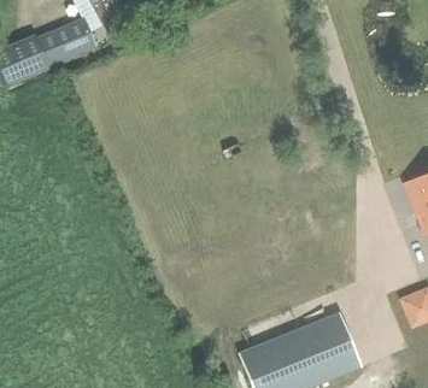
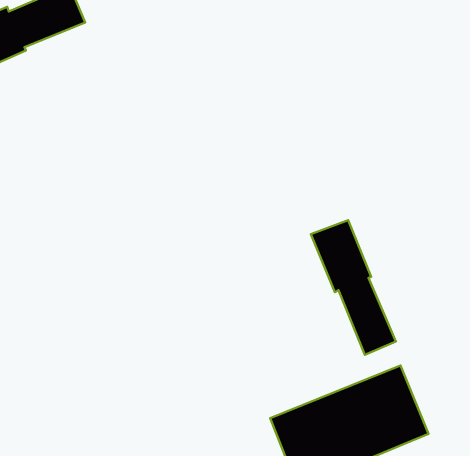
building: none -> [311,220,396,355]

